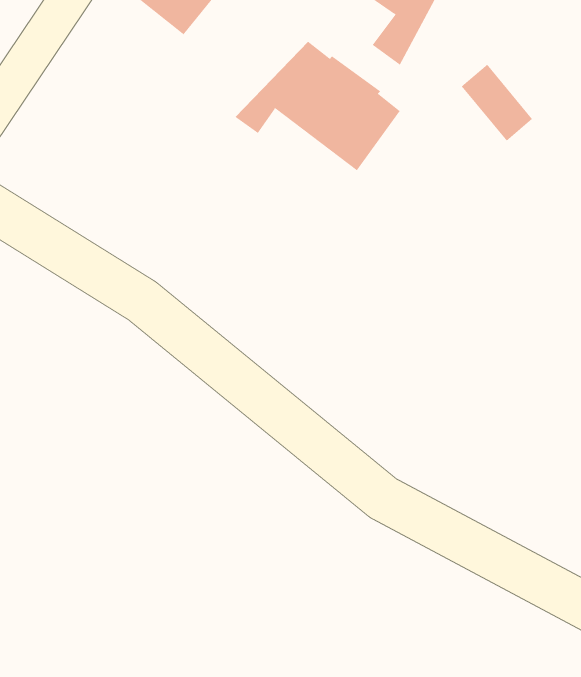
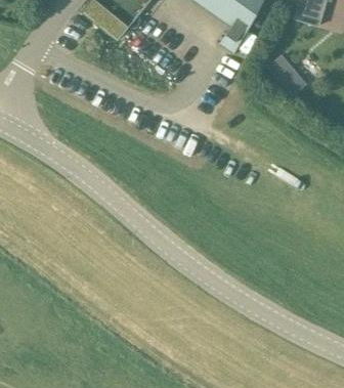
building: [235,41,400,171] -> none

